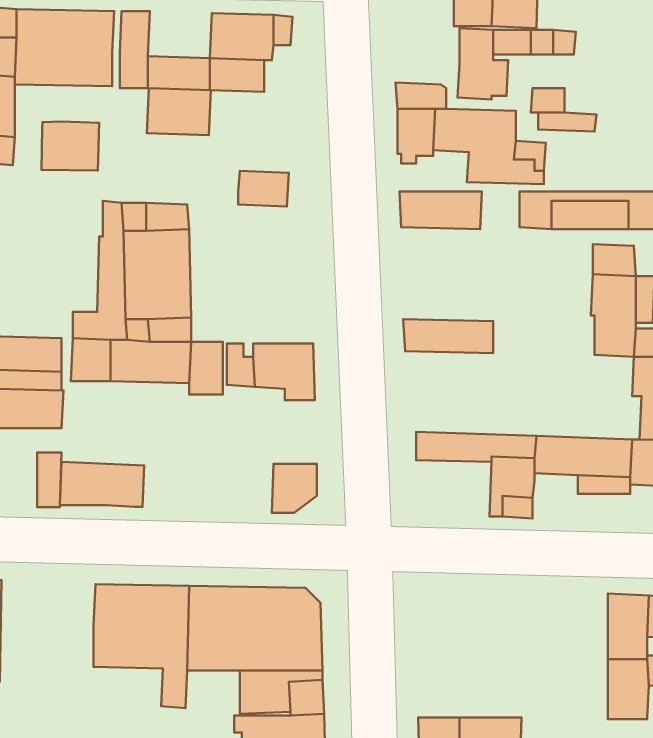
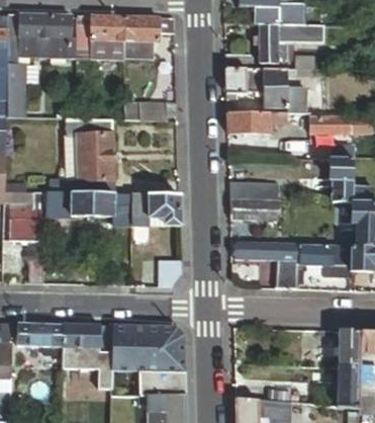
building: [147,88,211,135] -> [90,16,124,41]
building: [41,121,99,171] -> none
building: none -> [228,199,276,221]
building: [60,462,144,507] -> [16,323,62,347]

